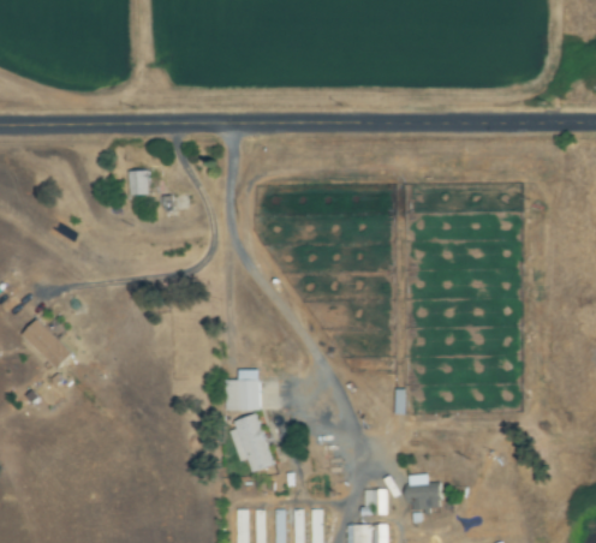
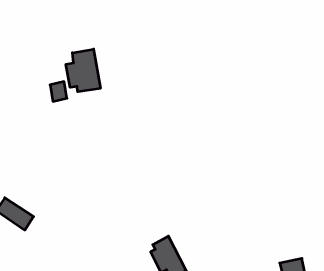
building: none -> [66,49,100,92]
building: [225,370,261,412] -> none

